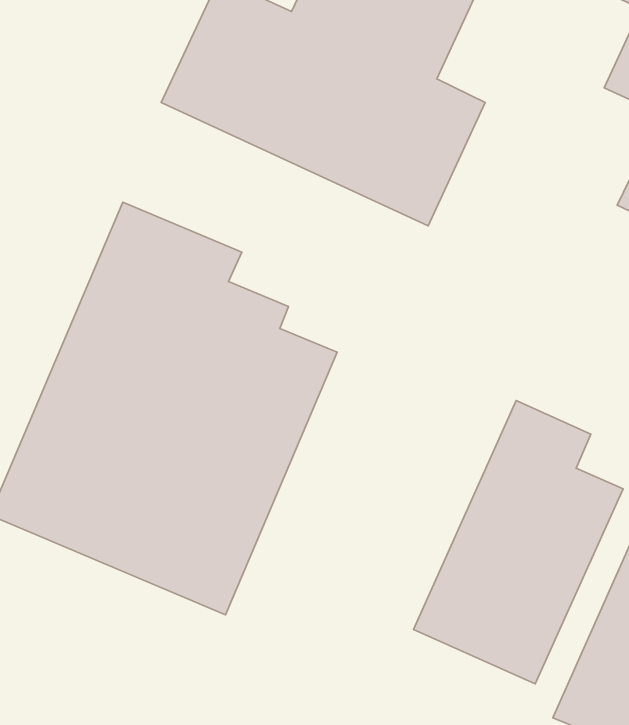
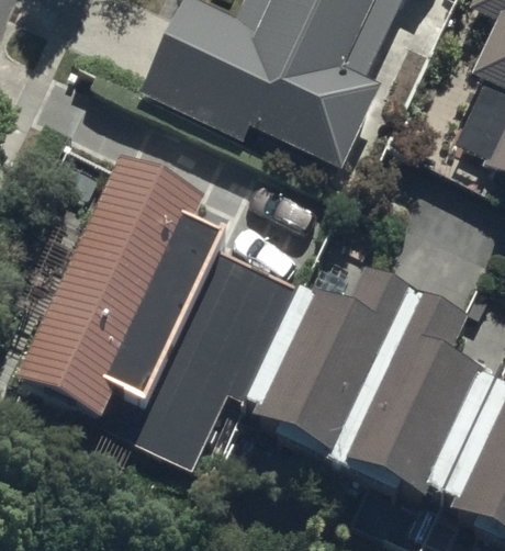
building: none -> [238,278,411,473]

